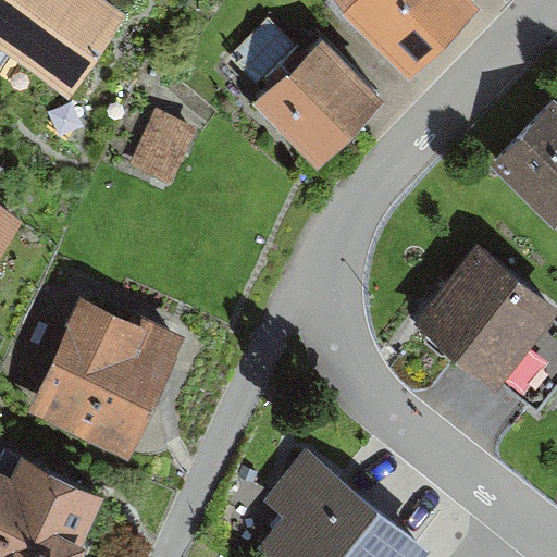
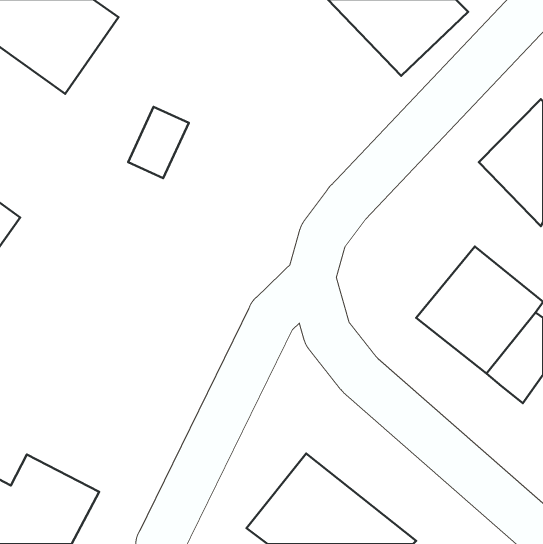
building: [264,49,379,162] -> none
building: [32,305,178,455] -> none

